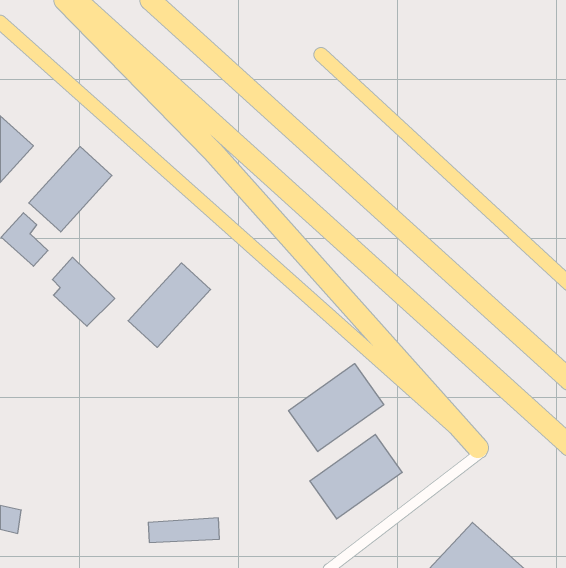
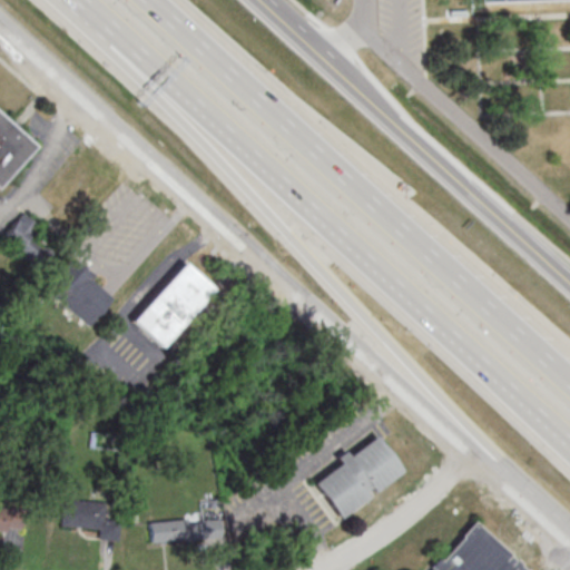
building: [29,147,112,232] -> none
building: [289,364,384,452] -> none
building: none -> [63,500,124,541]

